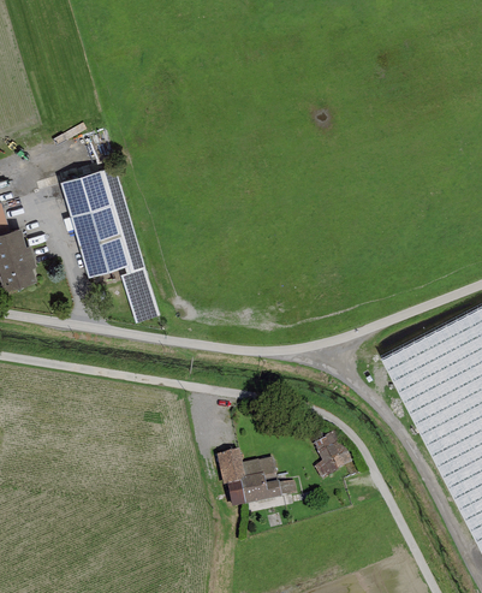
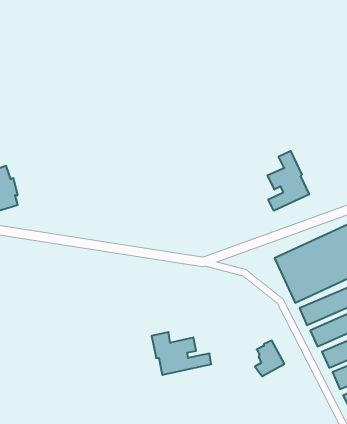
building: [60,168,159,324] -> none
building: none -> [267,151,309,211]
building: [313,434,352,482] -> [255,341,284,376]

